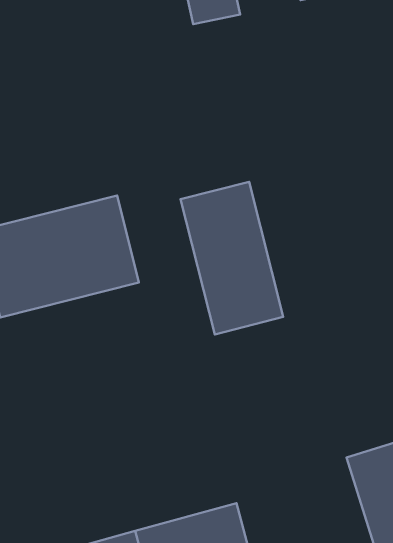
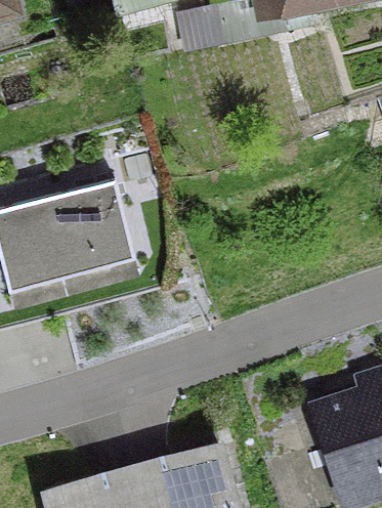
building: [181,182,283,334] -> none

